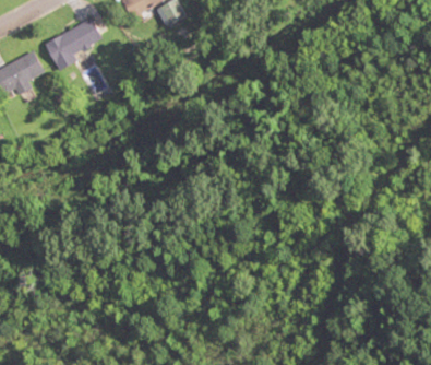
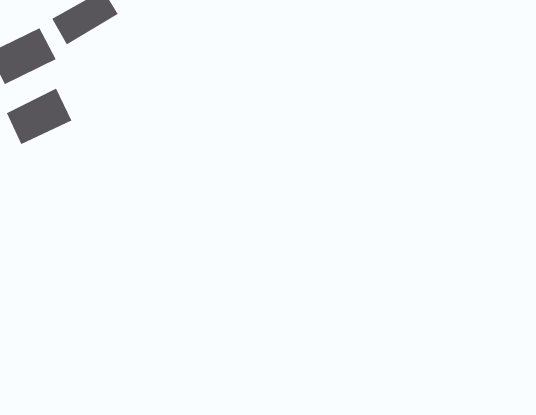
building: none -> [6,88,73,145]

